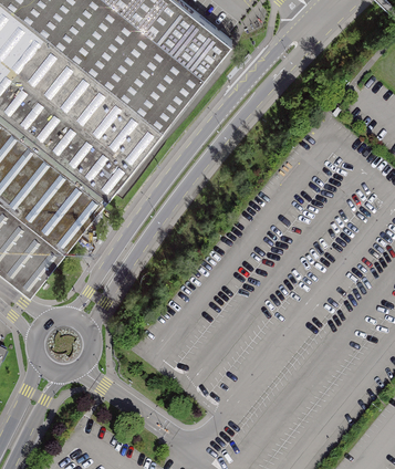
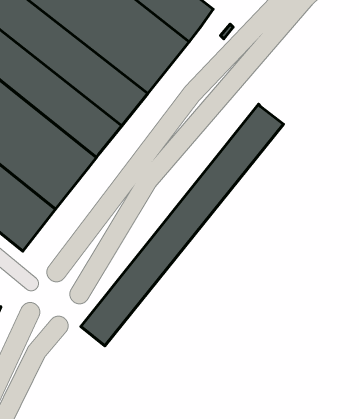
building: none -> [81,104,283,346]

